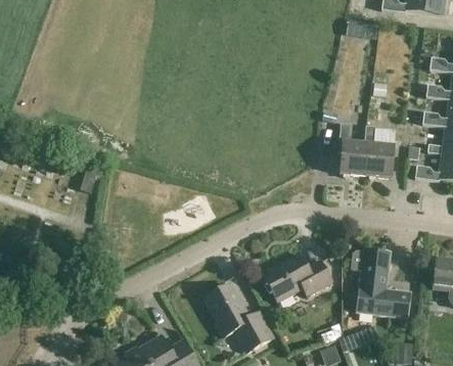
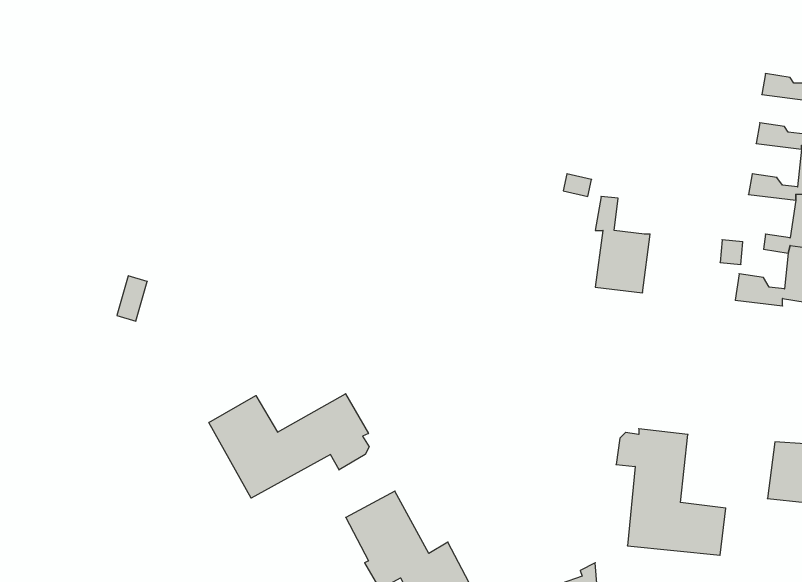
building: [365,127,396,180] -> none
building: none -> [209,394,369,498]
building: [262,253,331,302] -> none

